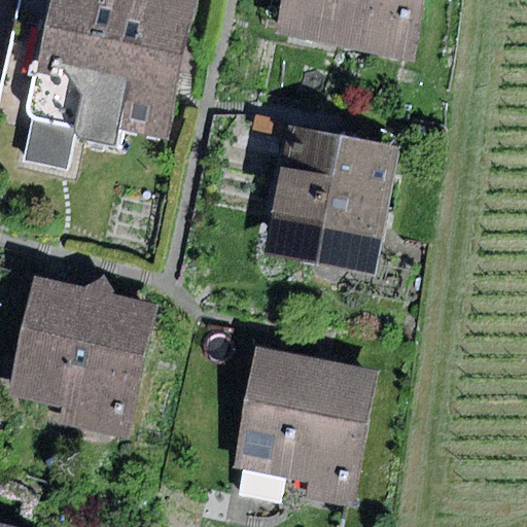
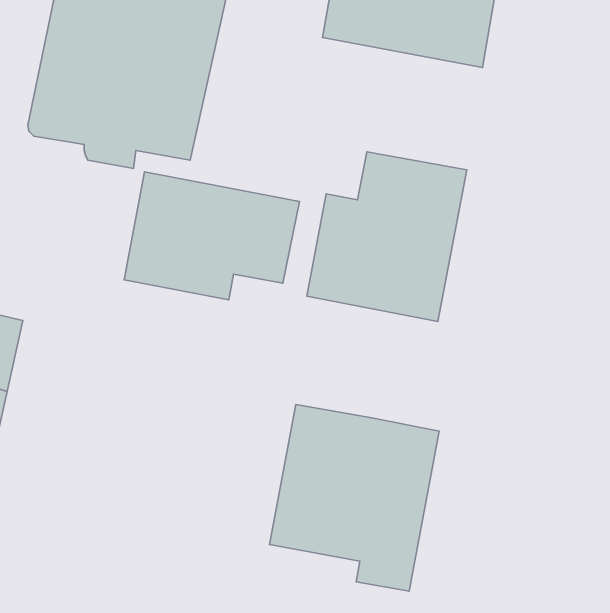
building: none -> [124,172,299,300]
building: [5,277,156,438] -> none

